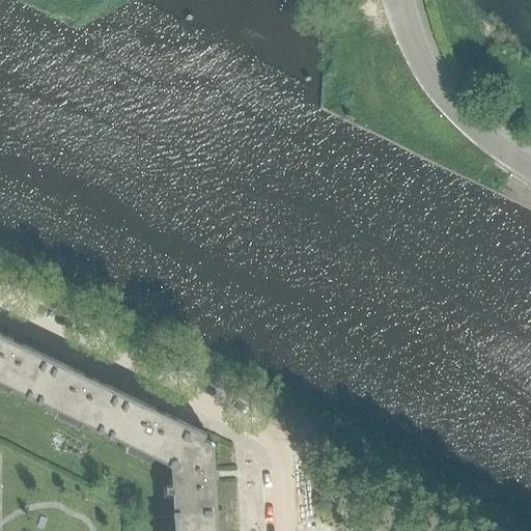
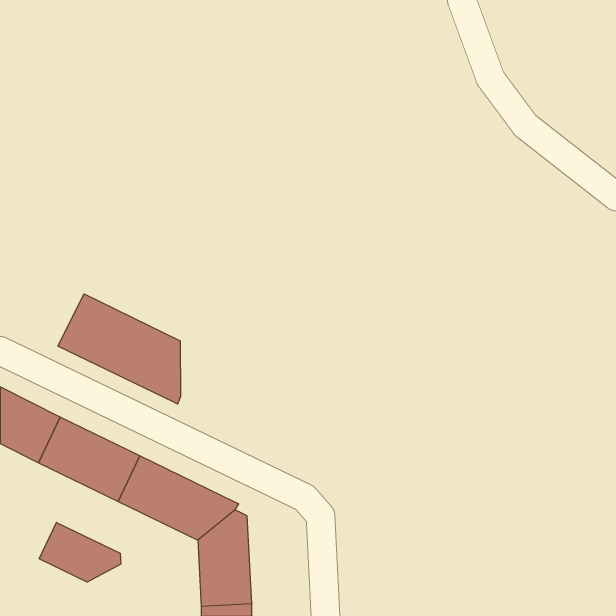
building: none -> [58,294,180,404]
building: none -> [39,522,121,582]

